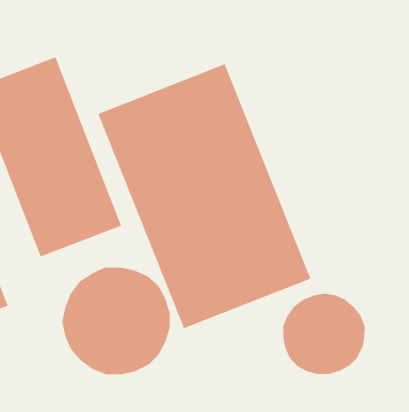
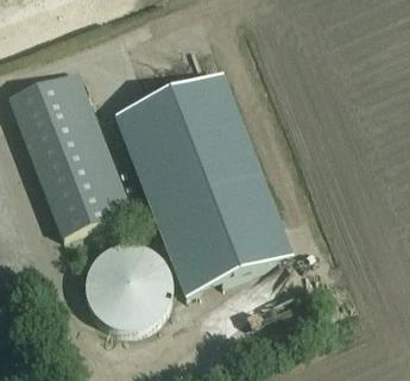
building: [283,293,365,375] -> none

